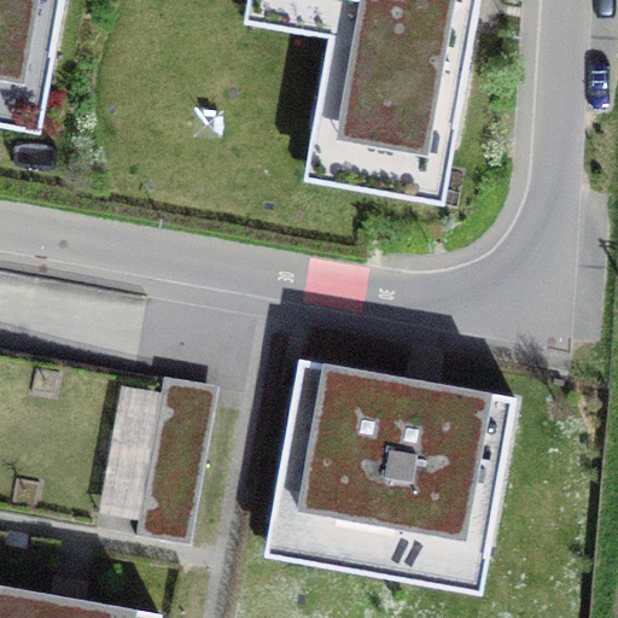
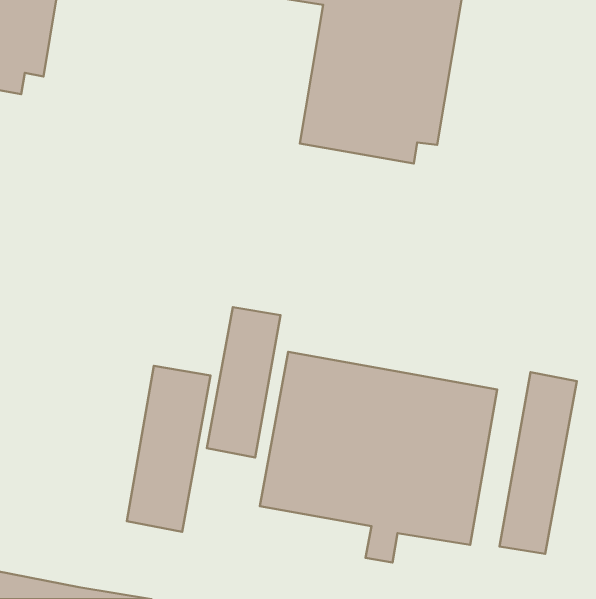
building: none -> [207,307,281,457]
building: none -> [500,372,577,554]

